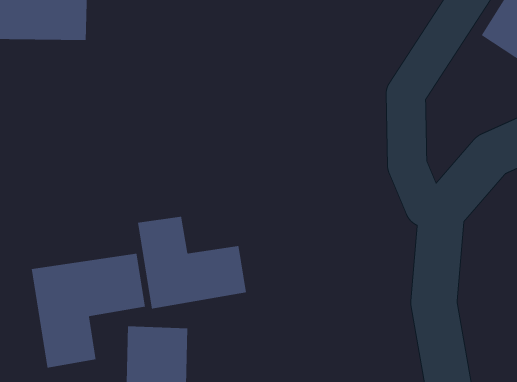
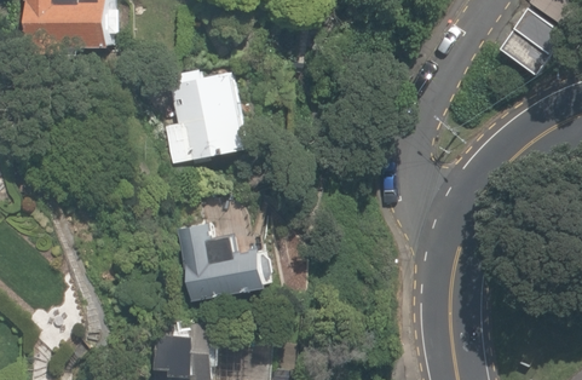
building: none -> [160,74,244,167]
building: [31,253,146,369] -> none

